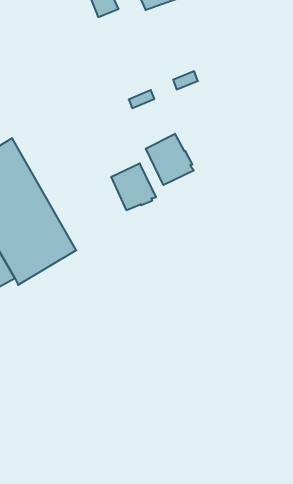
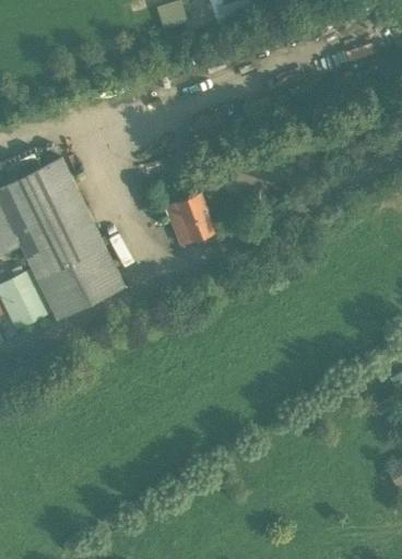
building: [146,134,194,185] -> none

